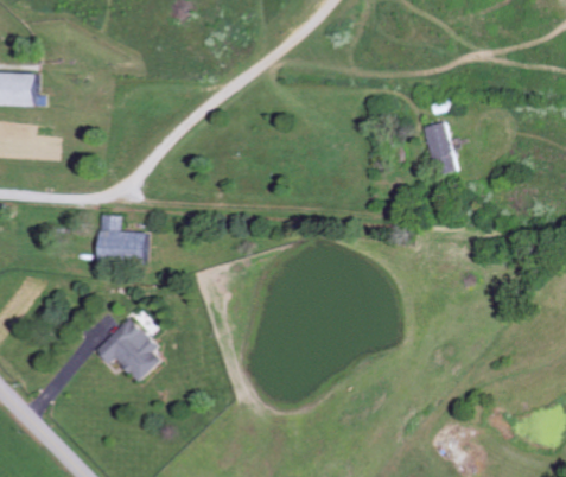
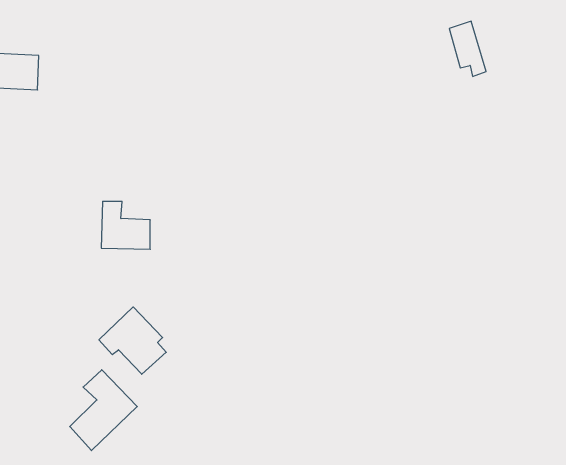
building: [422,122,458,176] -> [449,21,486,76]
building: none -> [70,370,137,451]

